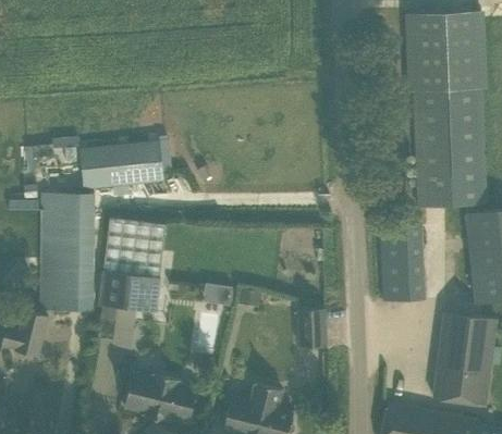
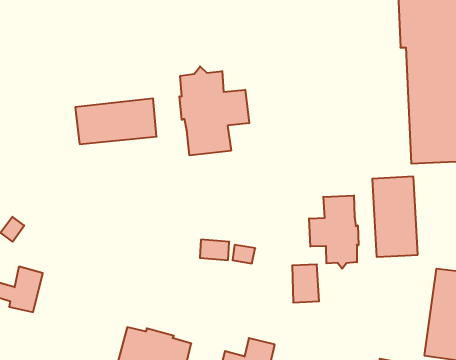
building: none -> [179,66,249,155]
building: [40,196,93,310] -> none
building: [99,219,166,311] -> none
building: none -> [309,195,358,269]

